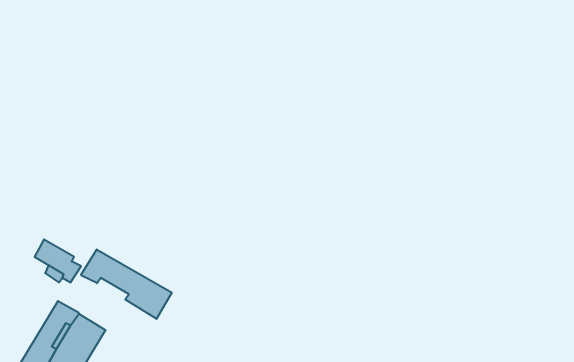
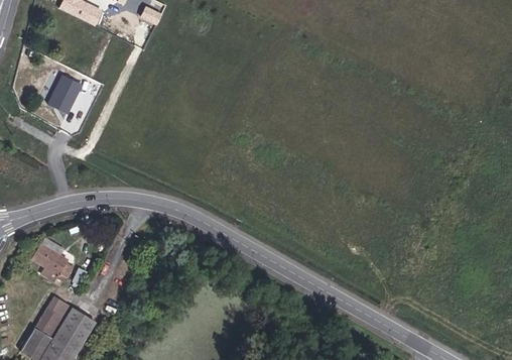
building: none -> [50,75,80,111]
building: [81,249,172,319] -> none

